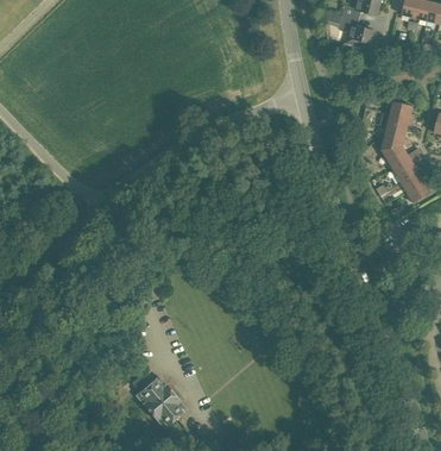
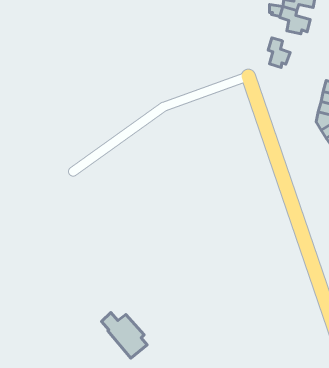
building: none -> [268,38,290,68]

